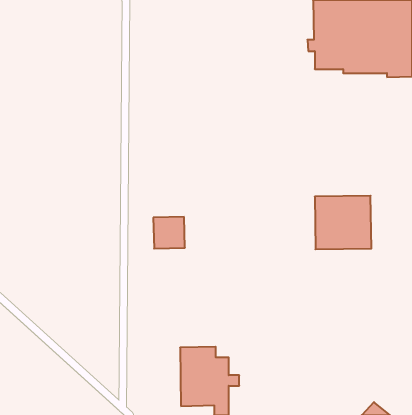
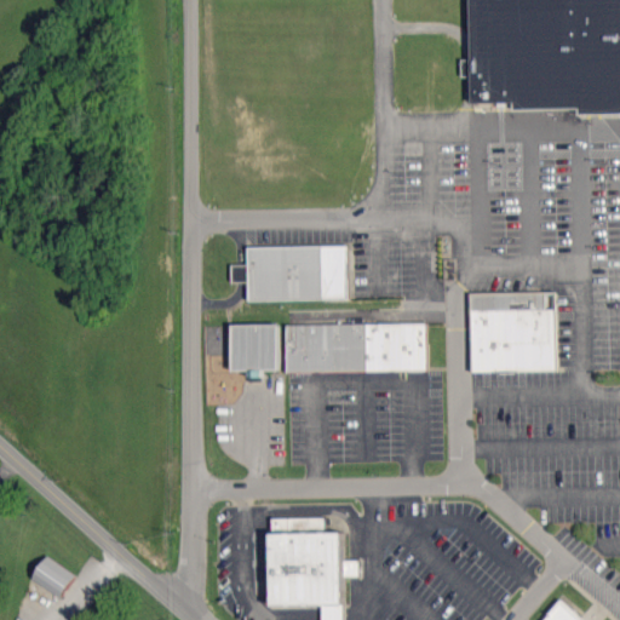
building: none -> [230,246,346,300]
building: none -> [285,322,425,372]
building: none -> [30,556,74,598]

